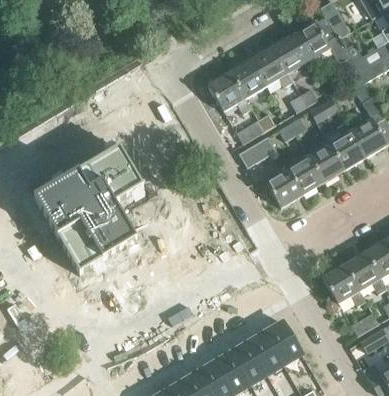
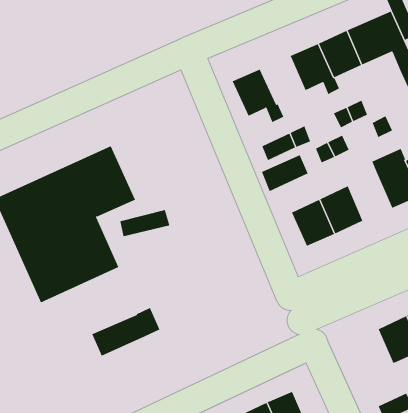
building: [229,59,266,98] -> none
building: [308,143,344,181] -> none
building: [323,264,366,305] -> none
building: none -> [92,307,160,357]

